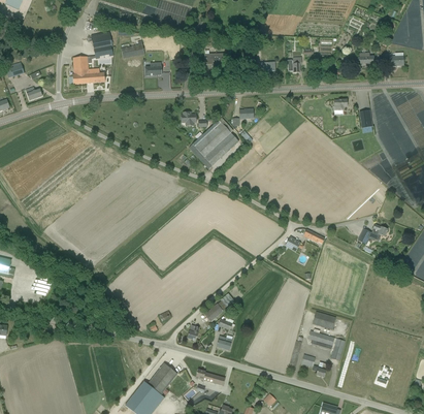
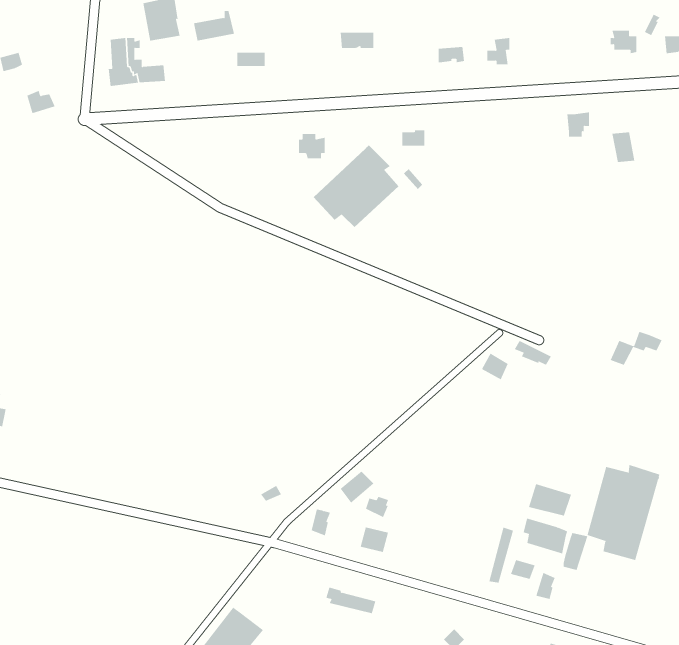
building: none -> [587,464,661,561]
building: [148,363,177,394] -> none

